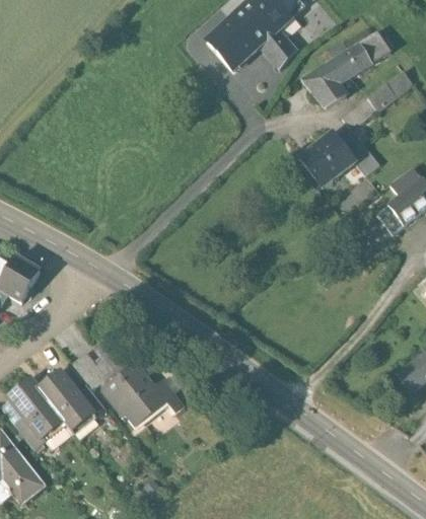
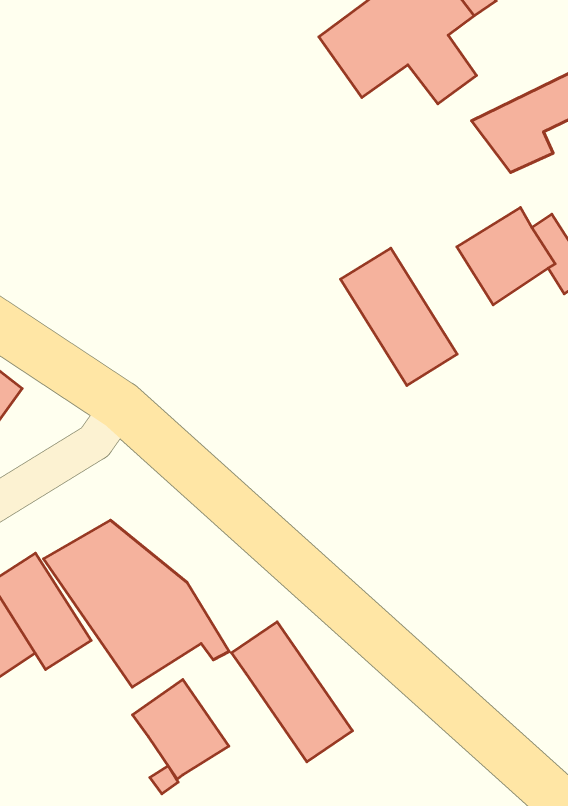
building: none -> [340,248,457,385]
building: none -> [232,622,352,762]
building: none -> [132,679,229,779]

